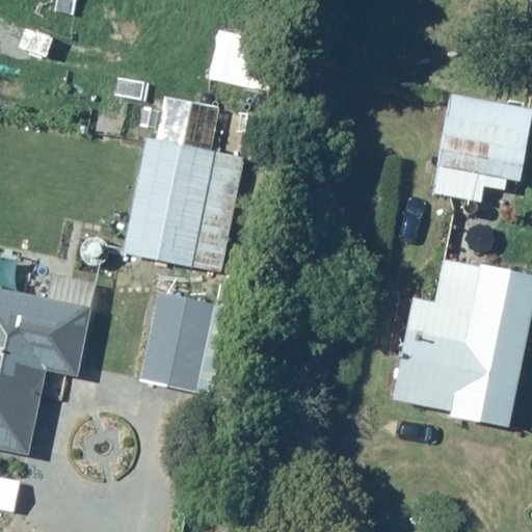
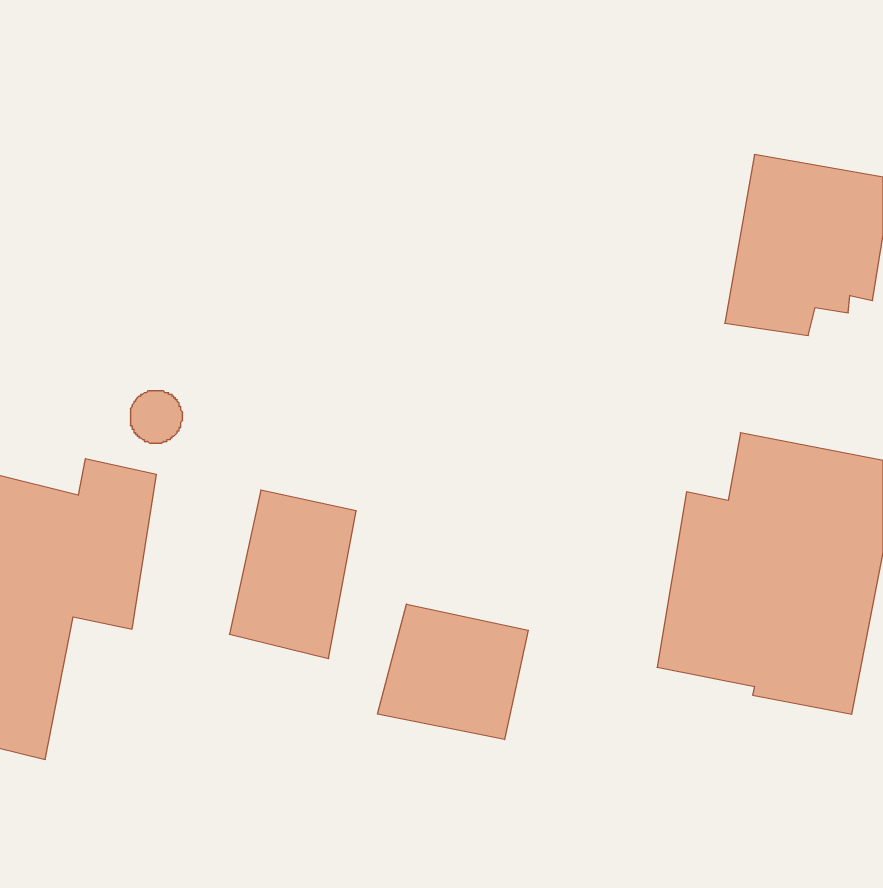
building: [125,96,242,270] -> none
building: none -> [377,604,528,740]

